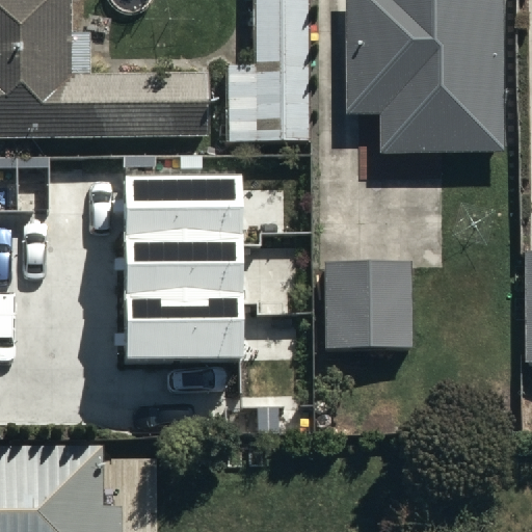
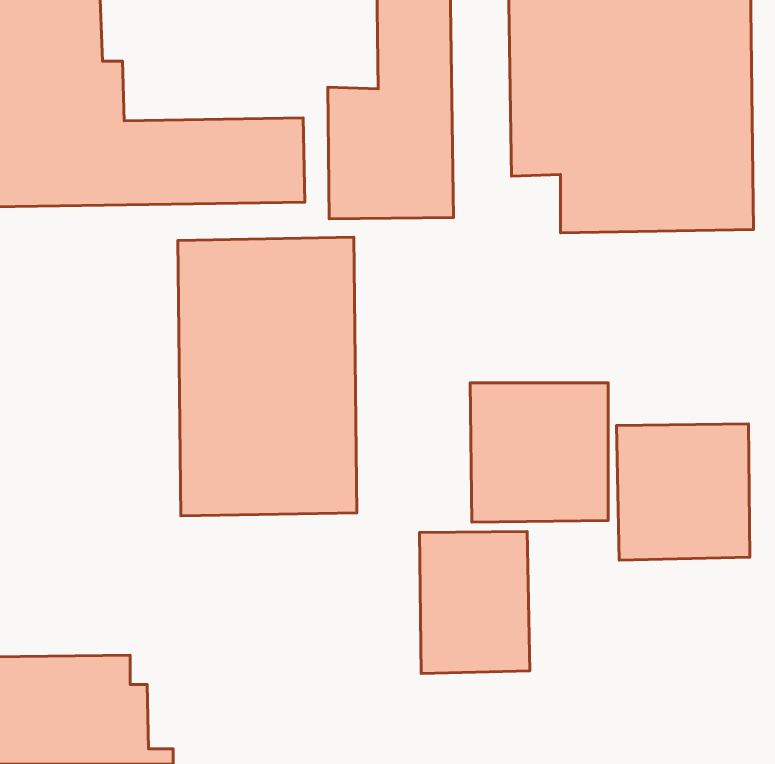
building: none -> [616,424,750,560]
building: none -> [420,531,530,673]

